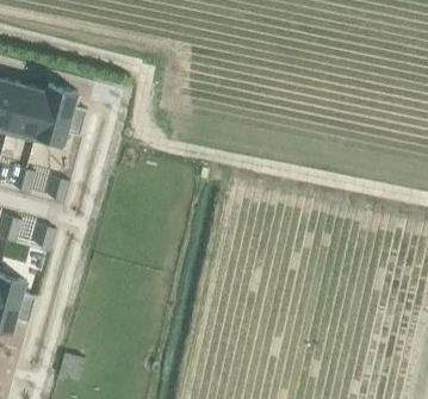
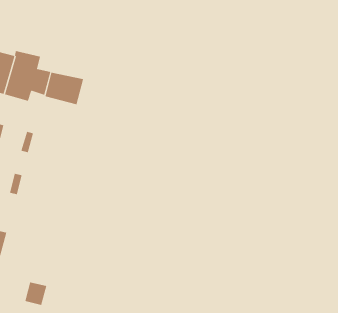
building: none -> [45,72,83,105]

